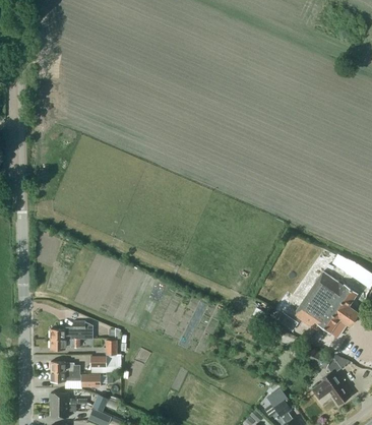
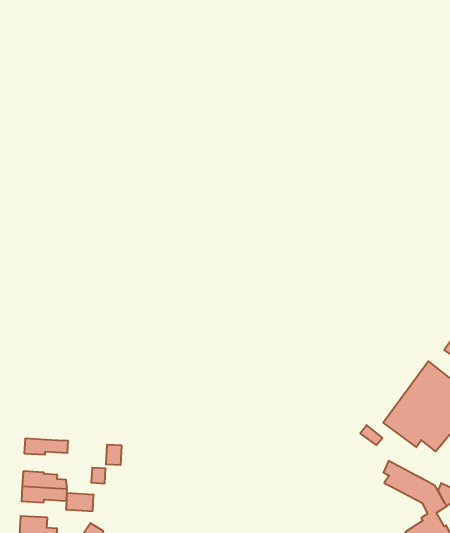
building: [51,321,92,340] -> none

